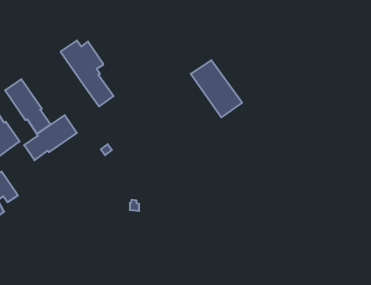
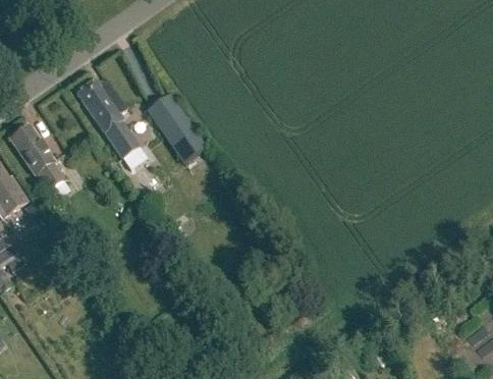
building: [191,60,242,117] -> [146,94,207,162]
building: [24,115,77,160] -> none

